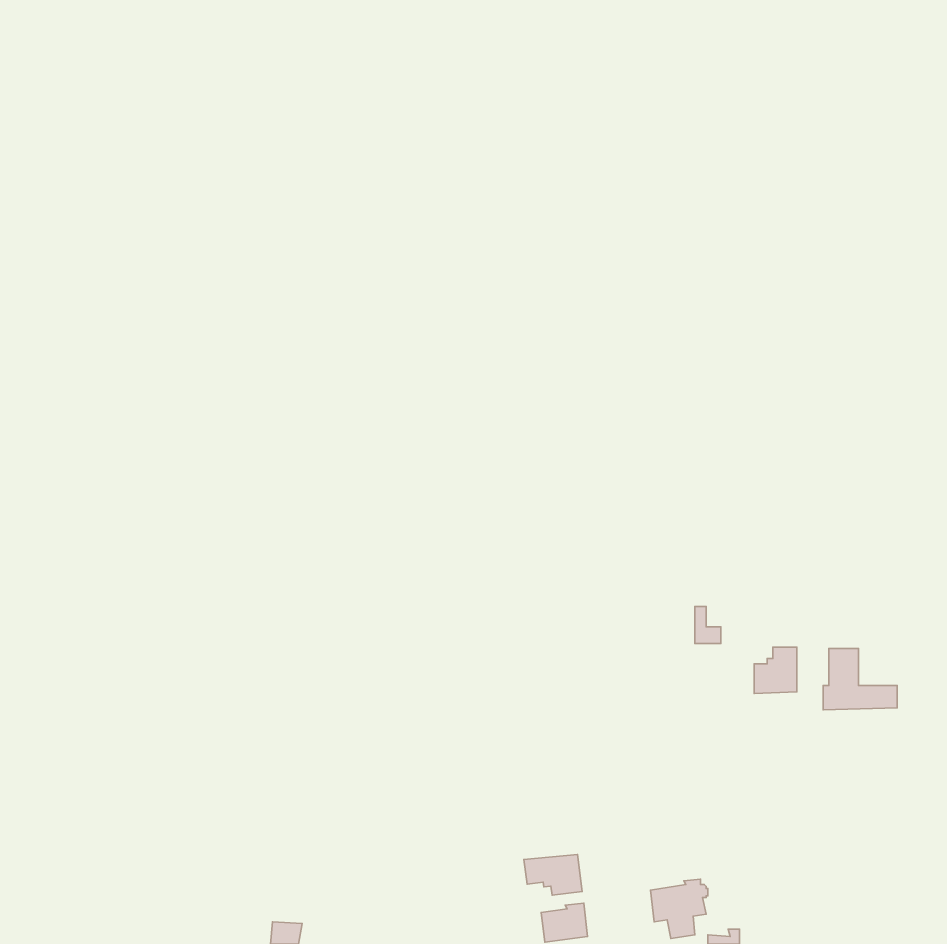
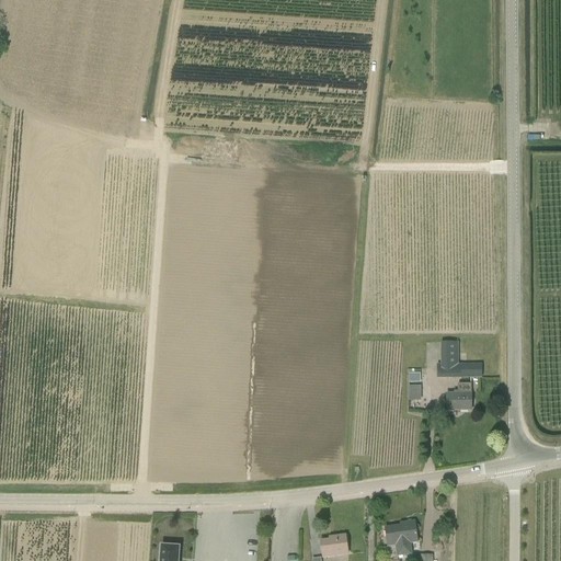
building: [823,648,897,710] -> [437,341,481,377]
building: [524,854,582,895] -> none

